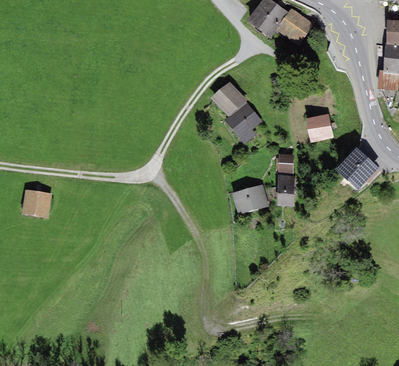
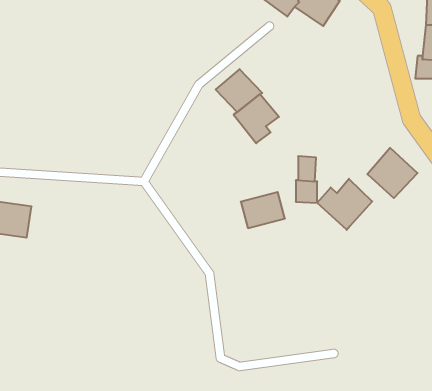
building: [306,113,334,142] -> none
building: none -> [317,179,372,230]

